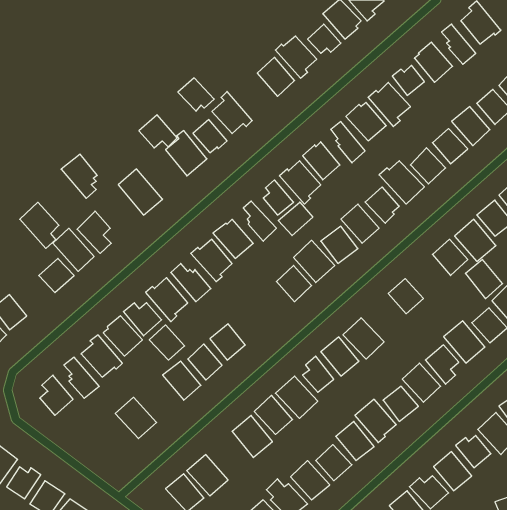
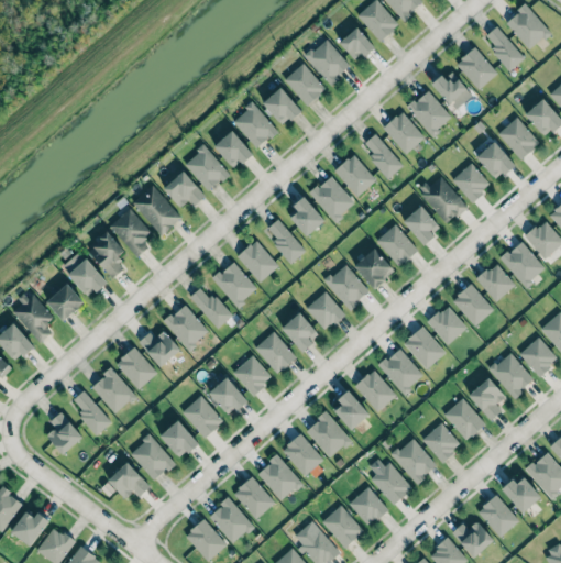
building: [178,78,214,111] -> [263,89,303,125]
building: [139,115,177,148] -> [164,172,206,208]
building: [61,154,97,198] -> [110,210,150,258]
building: [278,202,313,236] -> none
building: [20,202,59,248] -> [11,292,54,343]
building: [465,259,503,299] -> [452,284,493,327]
building: none -> [282,313,316,353]
building: none -> [403,327,446,369]
building: none -> [254,331,296,374]
building: [149,325,185,360] -> [160,420,198,459]
building: none -> [108,462,150,499]
building: none -> [233,477,274,519]

